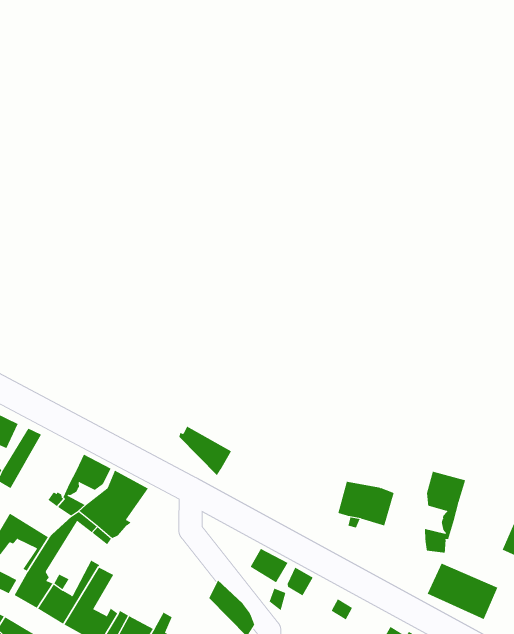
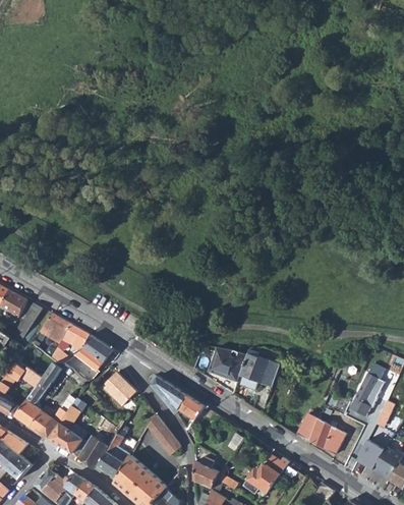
building: [178,426,232,476] -> [150,377,185,412]
building: none -> [30,314,69,346]
building: [424,471,466,553] -> none
building: none -> [208,349,246,383]
building: none -> [103,372,136,406]

